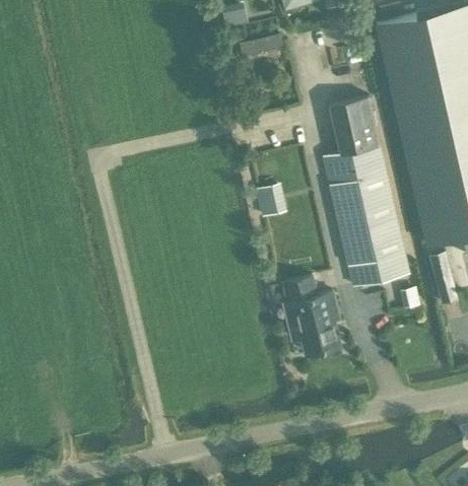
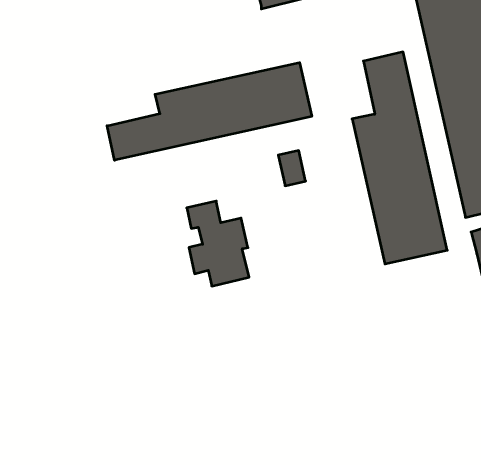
building: none -> [107,63,312,160]
building: [283,277,339,353] -> [187,201,249,286]

